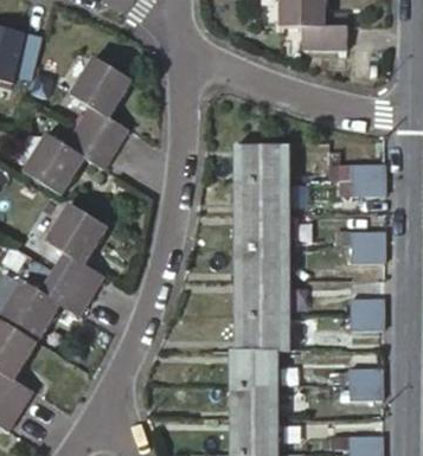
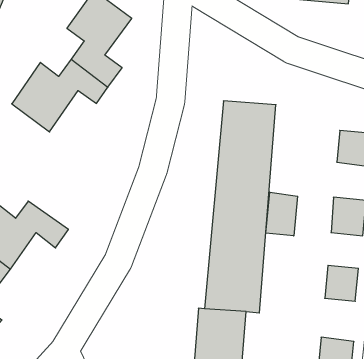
building: [50,198,111,288] -> none
building: none -> [266,192,298,236]

